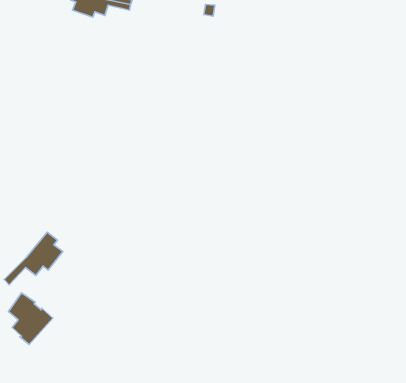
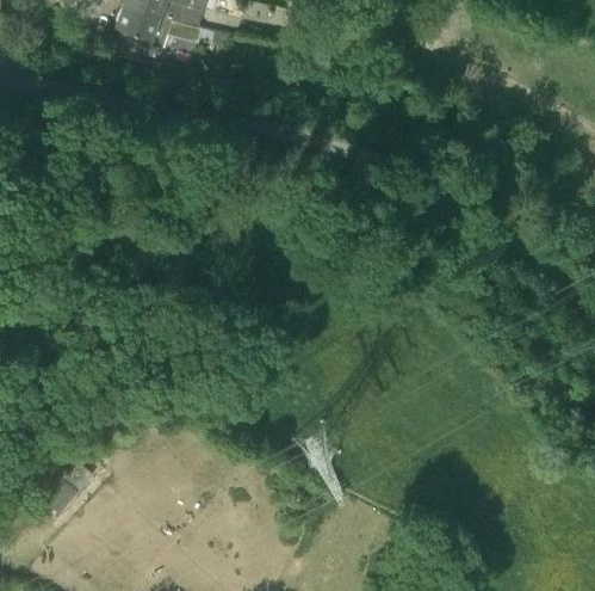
building: [4,232,63,285] -> none

